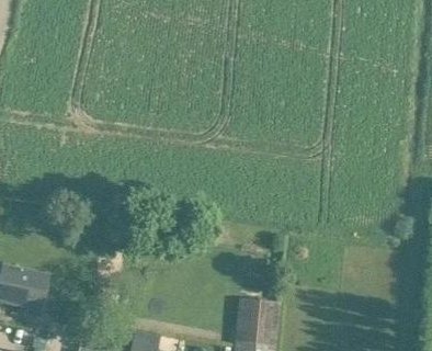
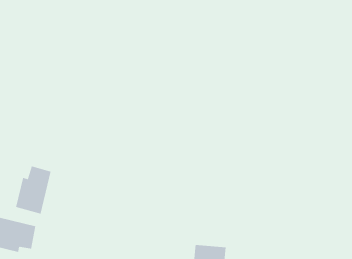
building: none -> [15,165,51,214]

